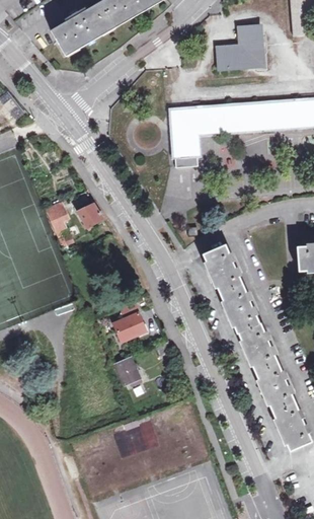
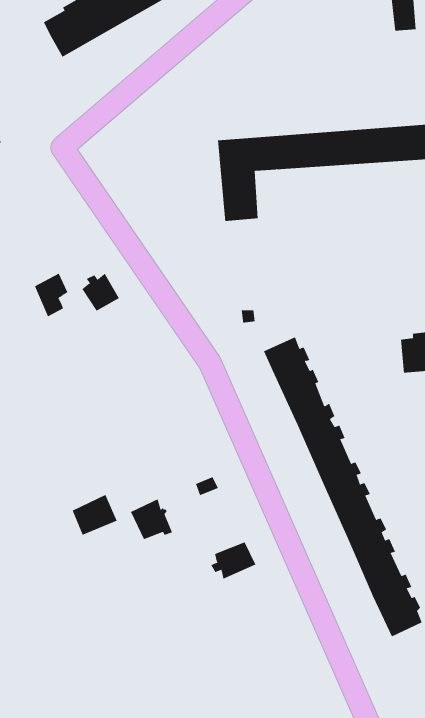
building: [218,23,264,68] -> none
building: [114,312,146,341] -> [72,494,118,536]
building: none -> [210,541,256,579]

